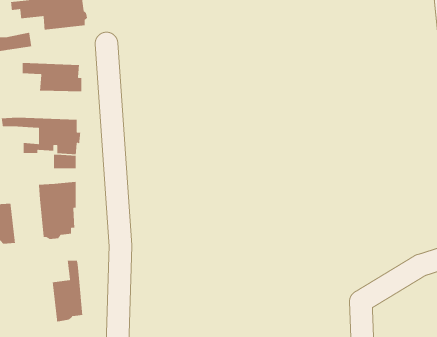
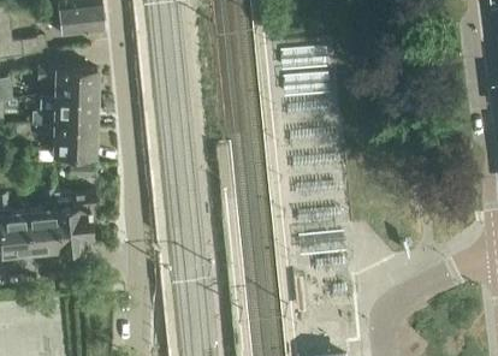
building: none -> [31,97,99,127]
building: [52,260,83,323] -> [25,191,58,256]

